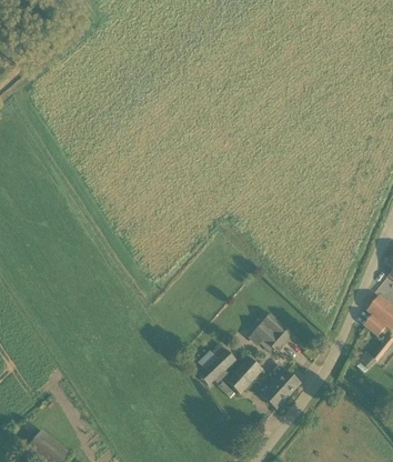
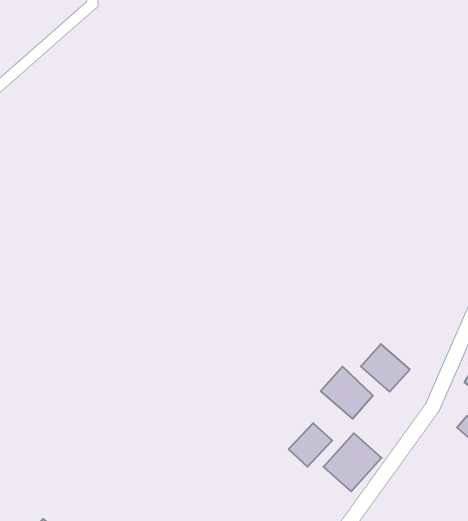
building: none -> [361,344,410,392]
building: [196,350,235,386] -> none

